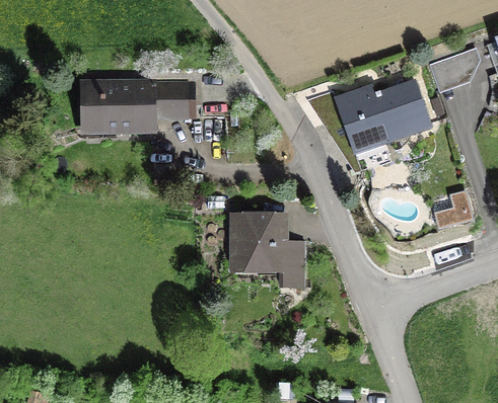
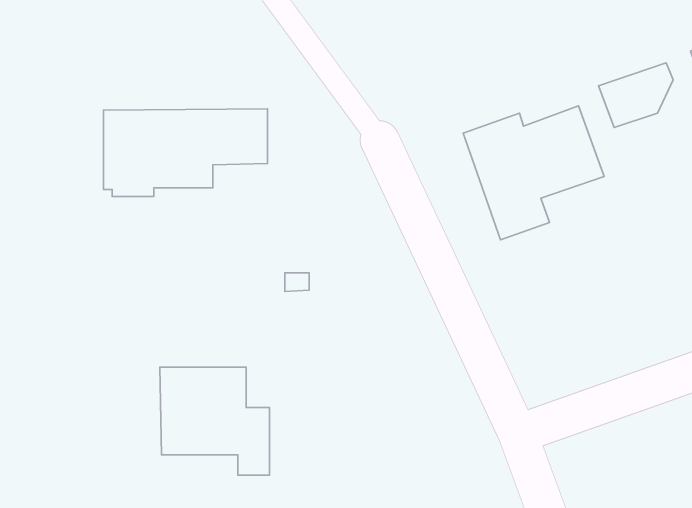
building: [434,189,475,229] -> none
building: [228,212,305,288] -> [160,367,269,475]

